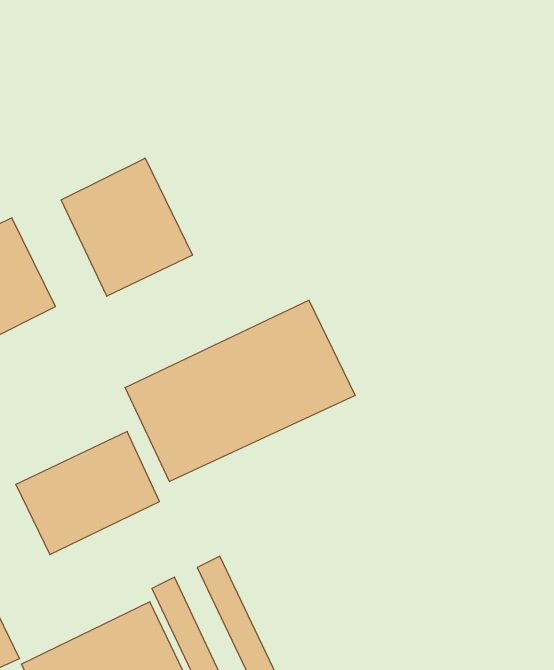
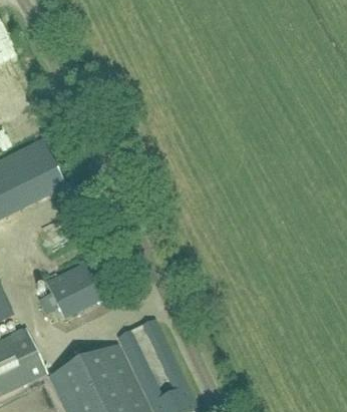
building: [61,158,192,296] -> none
building: [125,300,355,482] -> none

